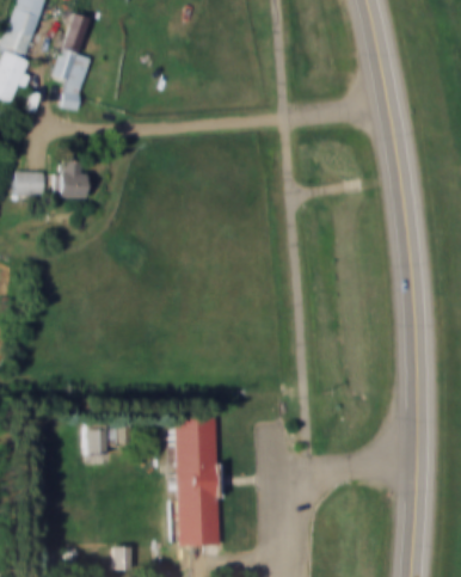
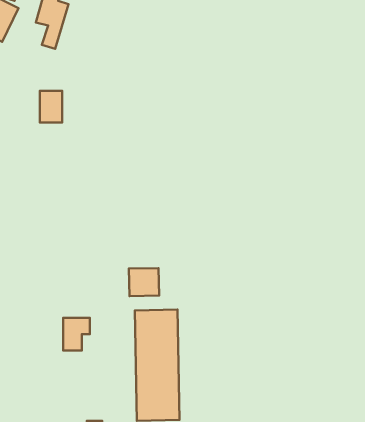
building: [14,171,42,196] -> none
building: none -> [129,268,159,296]

